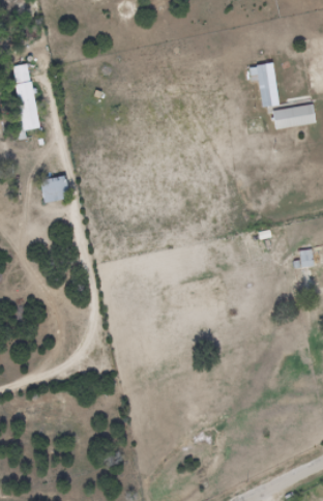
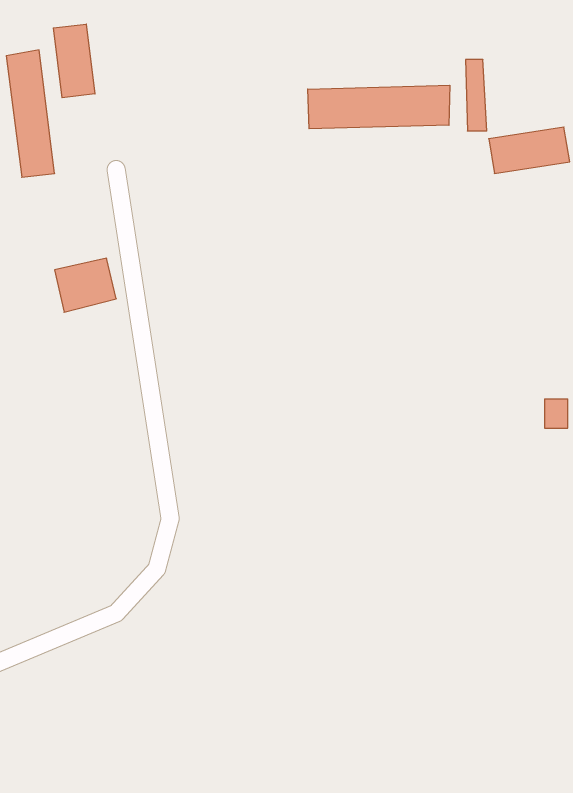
building: none -> [53,24,95,98]
building: none -> [308,85,450,129]

